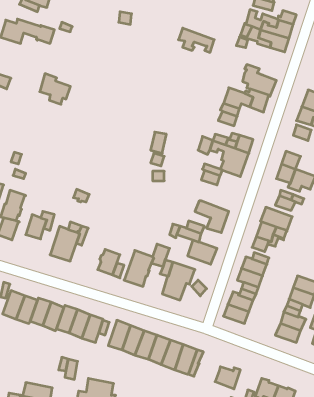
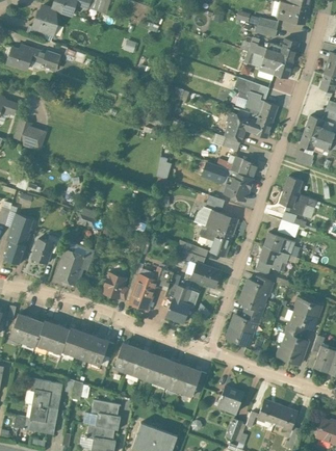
building: [178,28,214,52] -> [233,78,268,102]
building: [40,74,70,104] -> [14,121,44,151]
building: none -> [204,210,236,236]
building: none -> [30,378,61,409]

